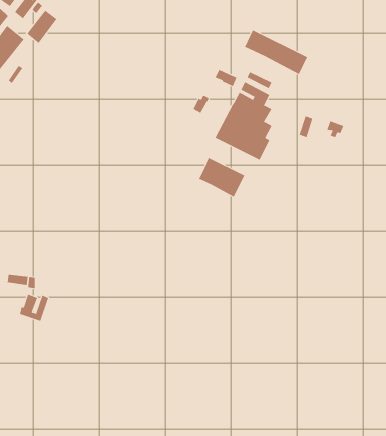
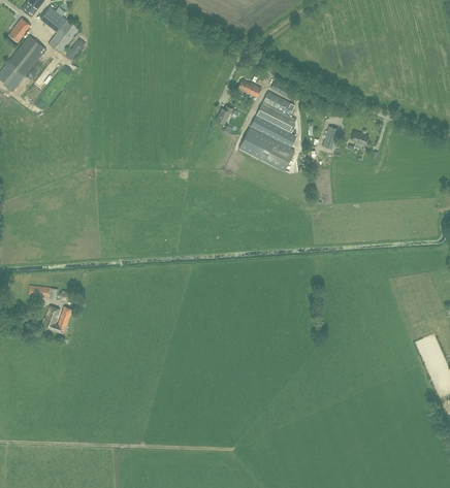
building: [244,29,308,75] -> none
building: [198,157,245,197] -> none

